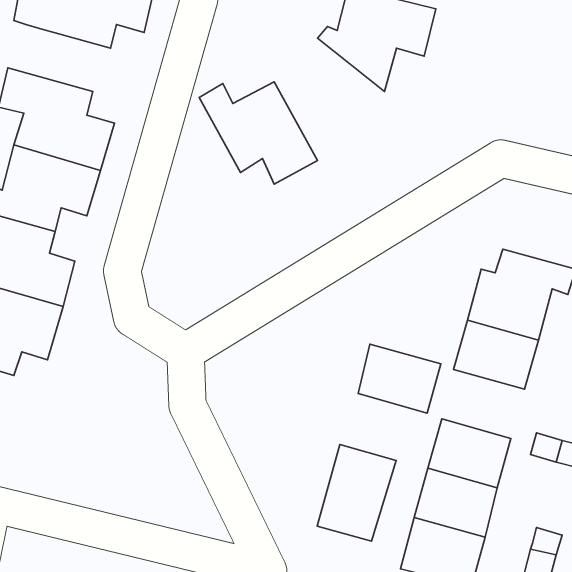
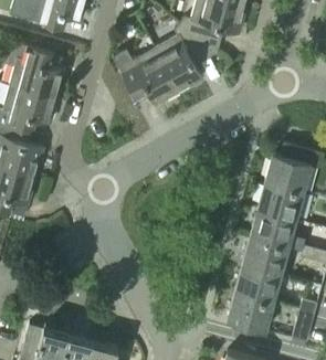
building: none -> [156,25,218,94]
building: [358,344,441,413] -> [250,211,296,250]
building: [317,444,396,541] -> none

